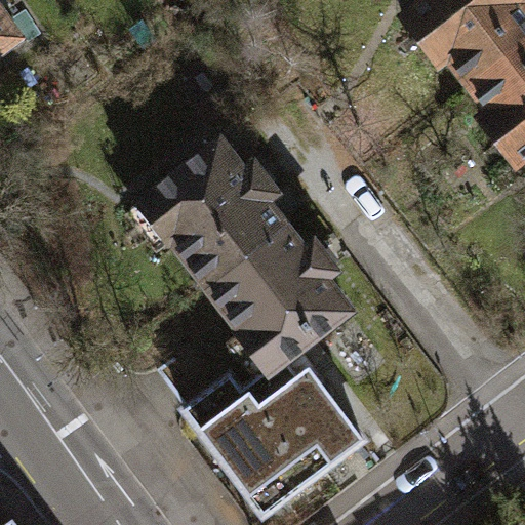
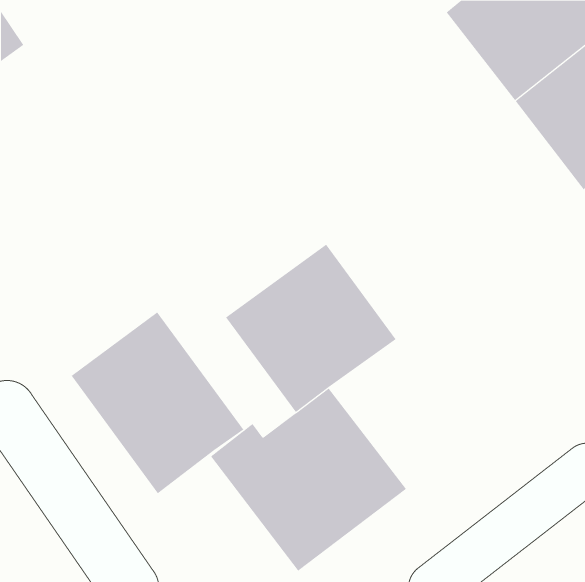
building: [137,135,293,288] -> none
building: none -> [71,311,244,494]

